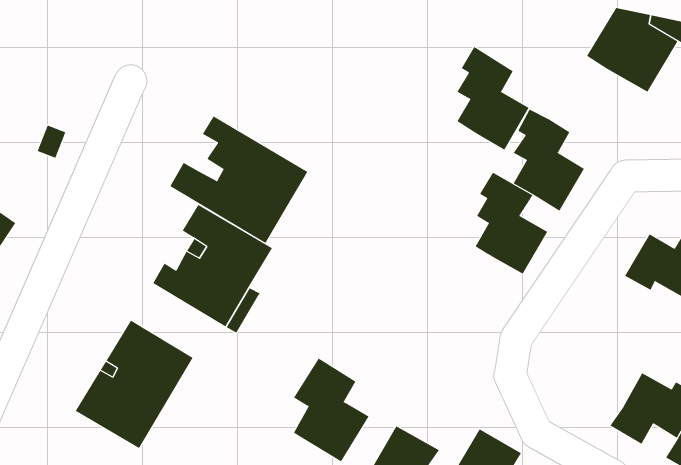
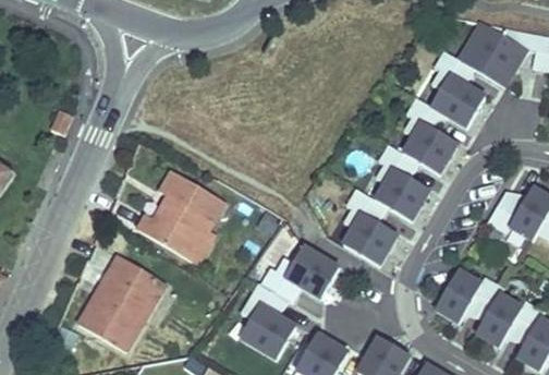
building: [456,46,530,150] -> [430,50,485,128]
building: [170,116,308,244] -> none
building: none -> [342,190,396,266]
building: none -> [260,246,339,303]
building: none -> [435,269,503,324]

